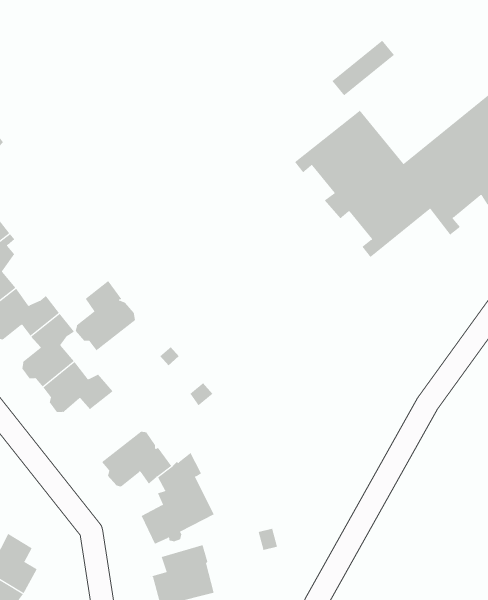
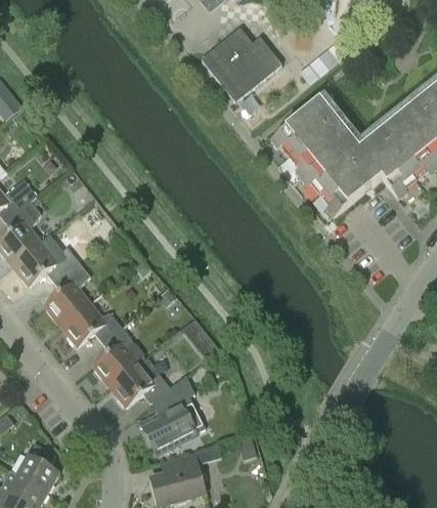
building: none -> [200,29,280,102]
building: [75,280,136,351] -> [93,326,143,384]

